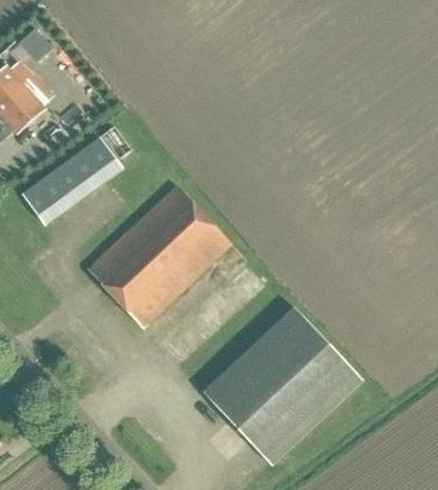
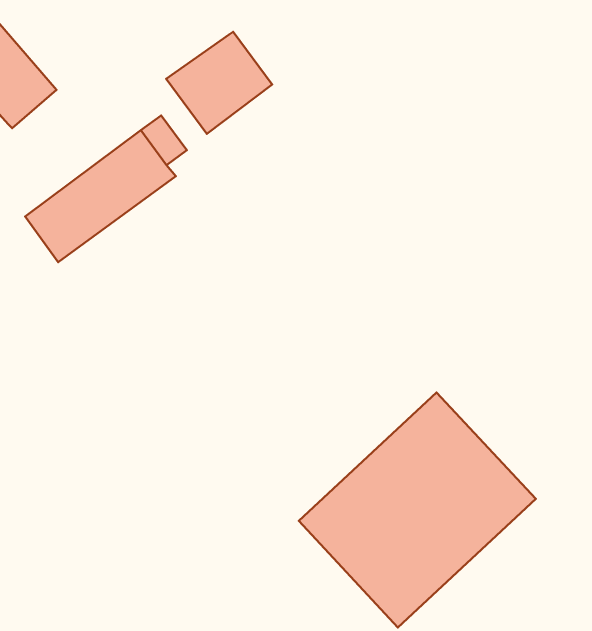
building: none -> [166,32,272,134]
building: [87,185,230,327] -> none

